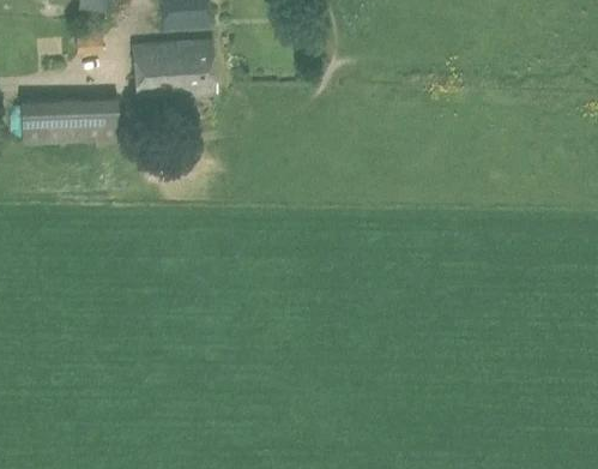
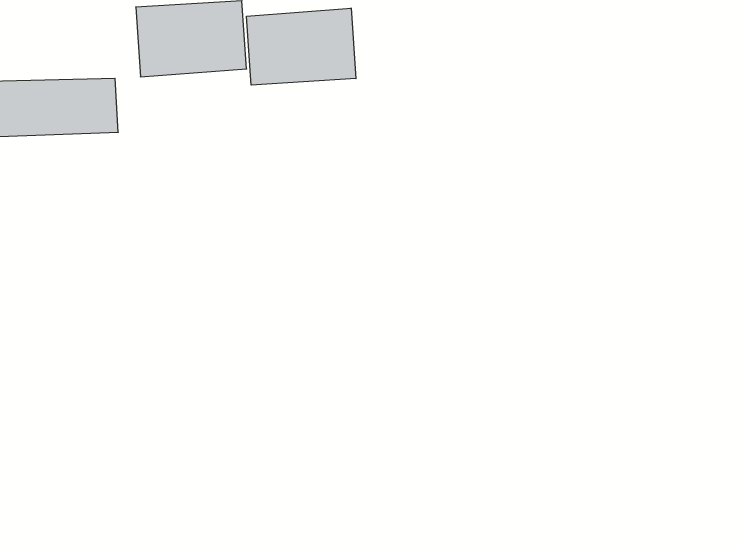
building: none -> [247,8,356,85]

